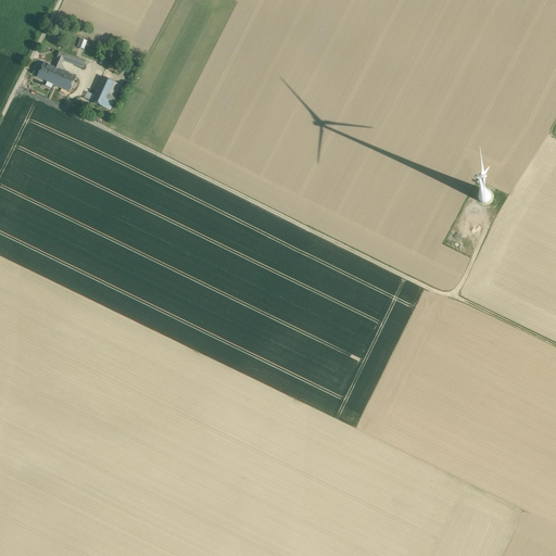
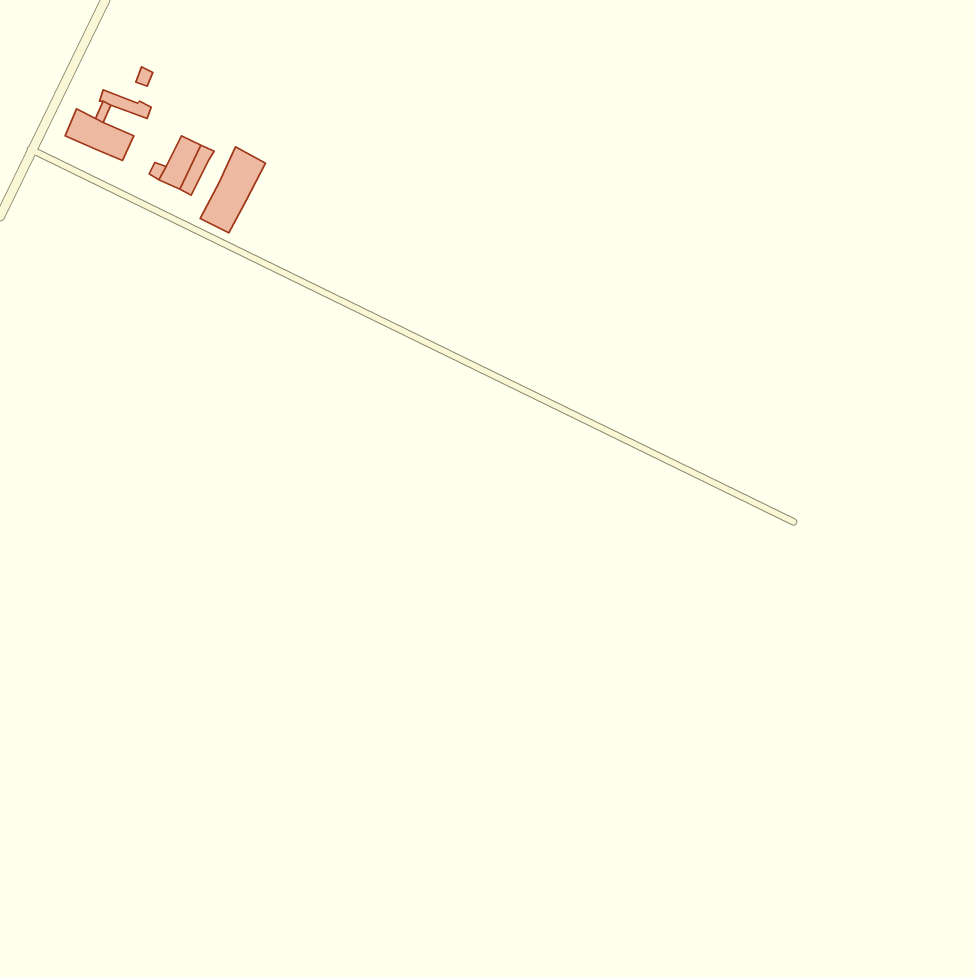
building: none -> [200,147,266,233]

